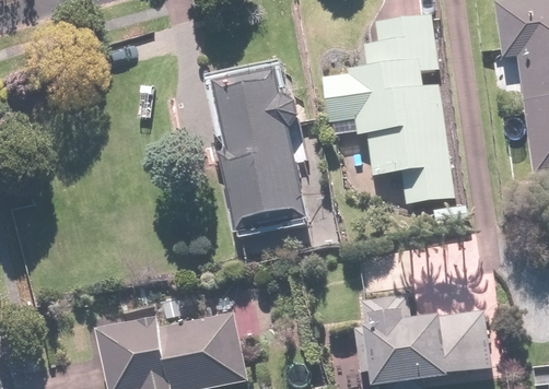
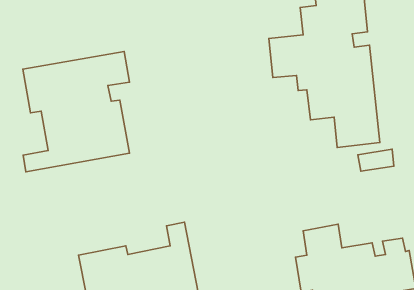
building: [212,69,306,221] -> none
building: none -> [23,52,129,172]

